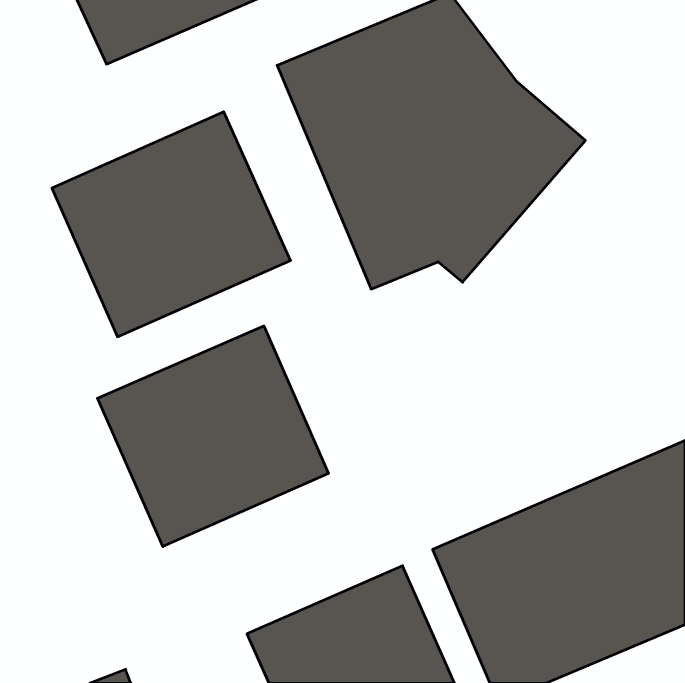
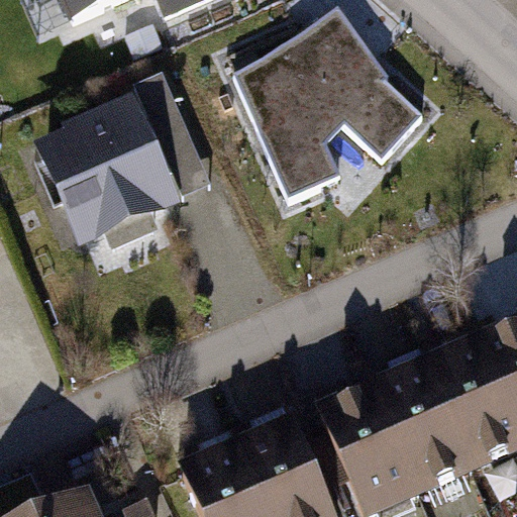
building: [97,326,328,547] -> none

